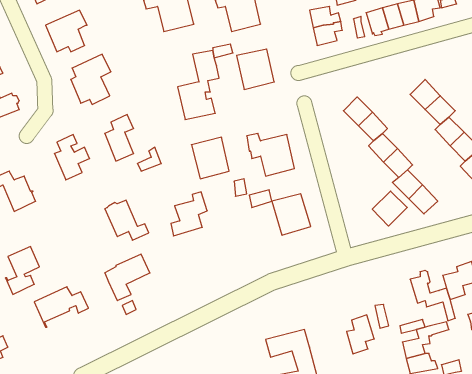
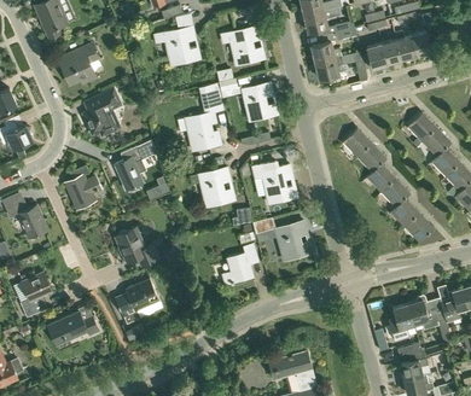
building: [372,191,407,226] -> none
building: [171,192,207,236] -> [223,243,258,285]
building: [347,315,374,354] -> [389,303,415,340]

